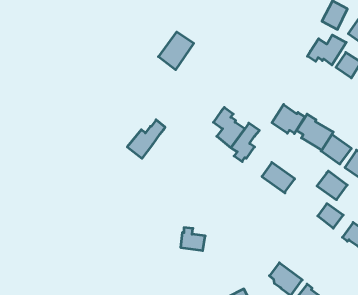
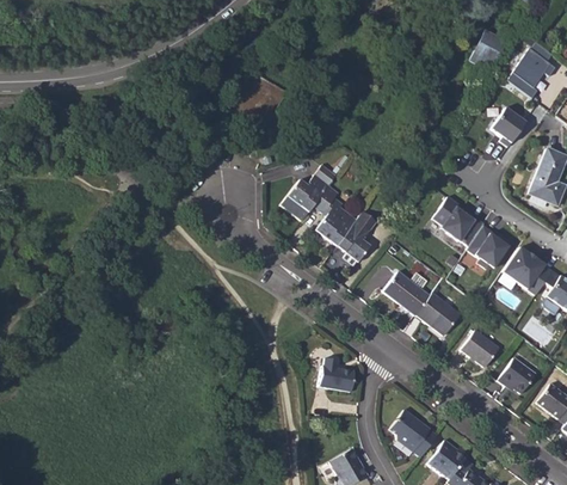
building: [307,35,346,65] -> none
building: [272,104,305,134] -> none
building: [127,120,165,158] -> [275,172,329,228]
building: [317,171,347,200] -> [415,288,460,330]
building: [181,228,205,251] -> [323,361,359,394]

